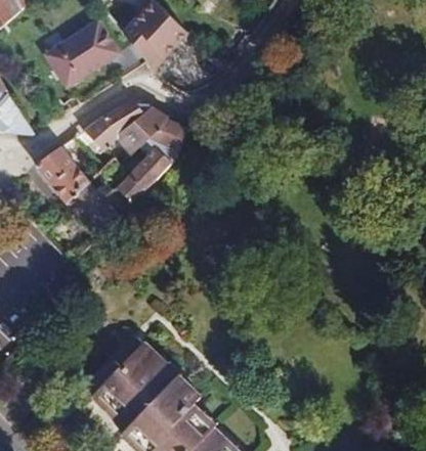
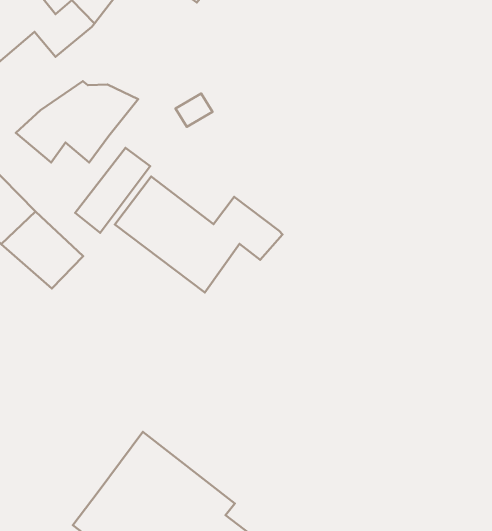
building: [144,117,188,163] -> none
building: none -> [115,176,283,292]

